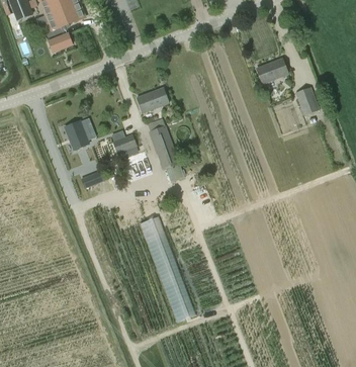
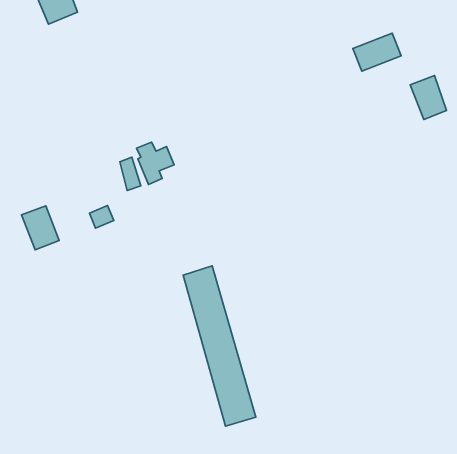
building: [138,87,170,112] -> none
building: [65,120,90,150] -> [21,206,59,250]
building: [150,125,179,169] -> none

